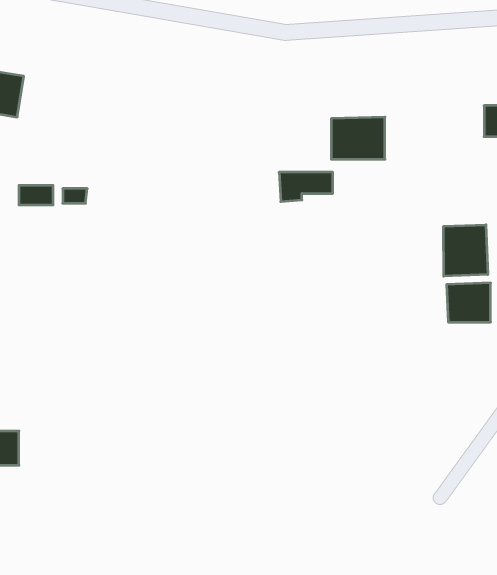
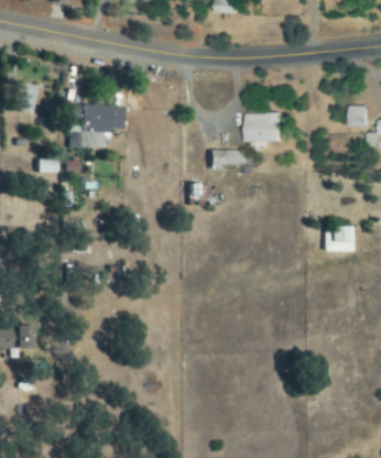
building: none -> [68,105,121,146]
building: [444,225,488,276] -> none

